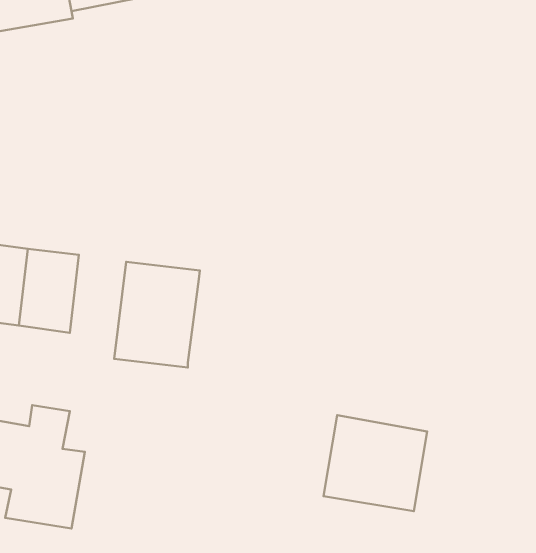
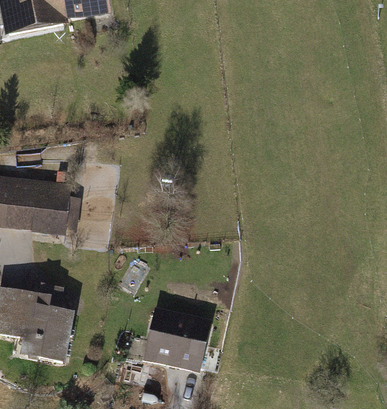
building: [114,262,200,367] -> none
building: [324,415,427,511] -> [144,309,213,373]

